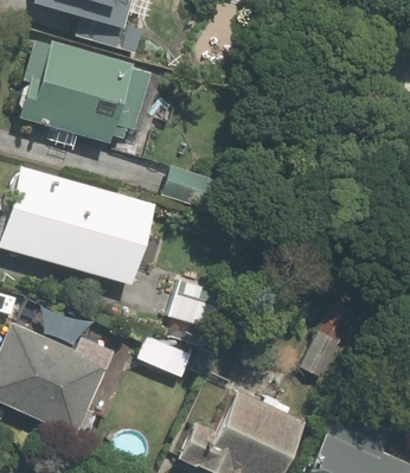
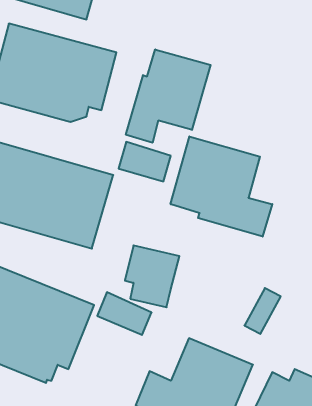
building: none -> [126,49,211,143]
building: none -> [171,136,272,237]

